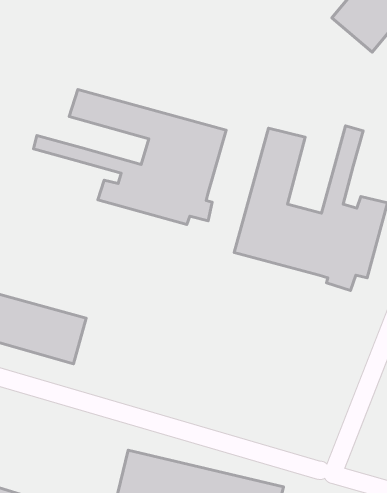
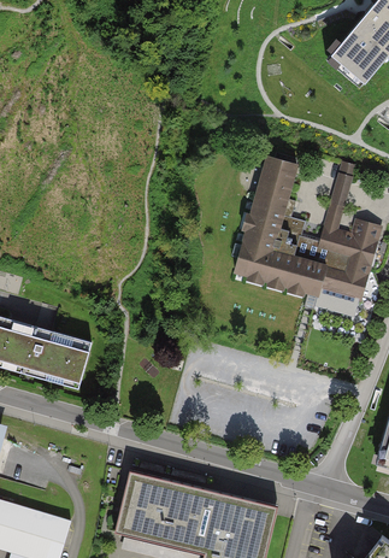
building: [33,89,226,225] -> none

